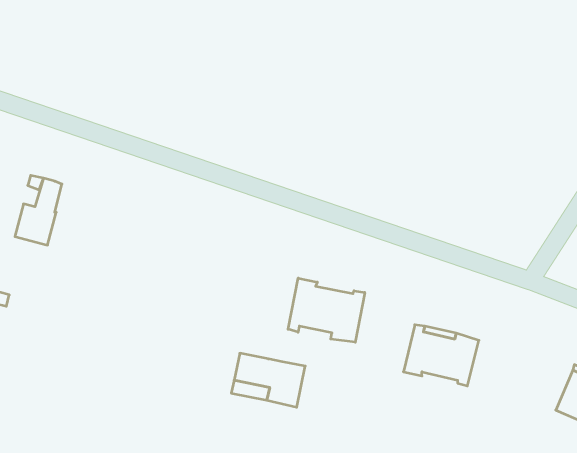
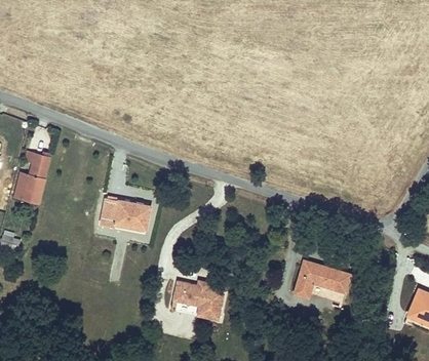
building: none -> [101,197,151,227]
building: [288,278,365,342] -> none

